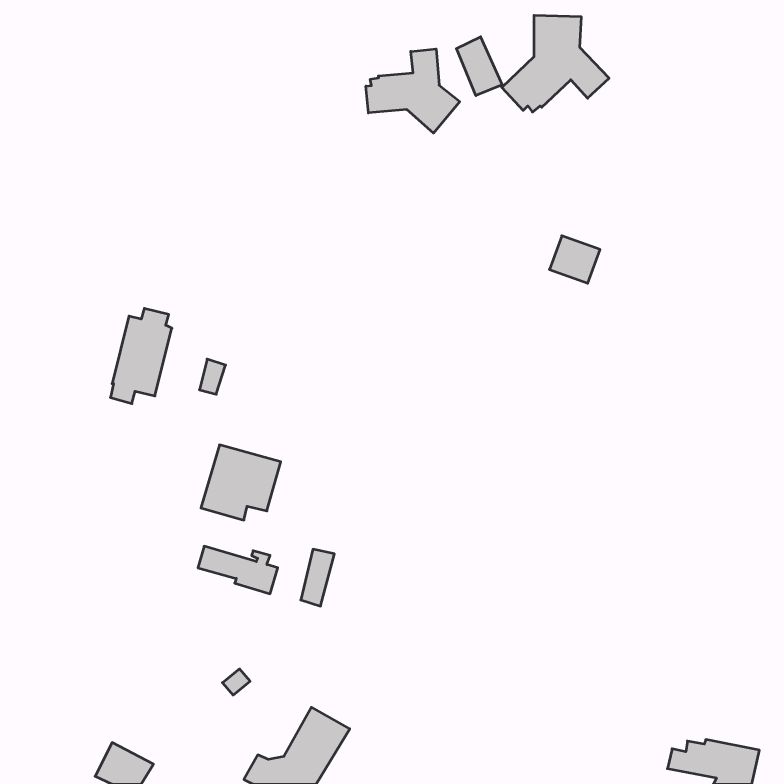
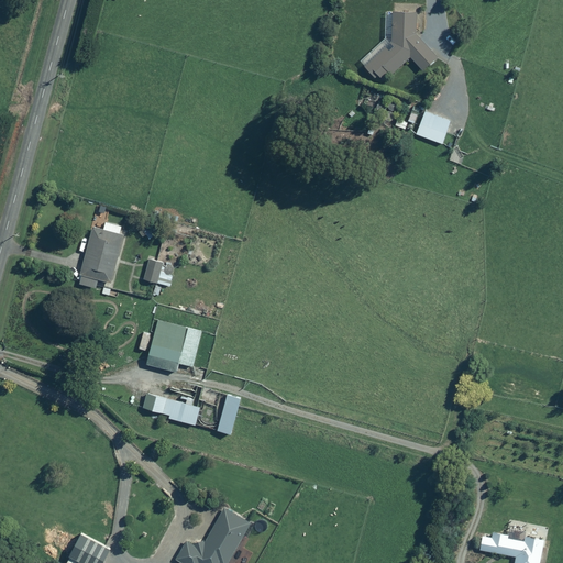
building: [456,37,502,96] -> none
building: [366,49,460,133] -> none
building: [549,236,600,283] -> [415,110,451,144]

